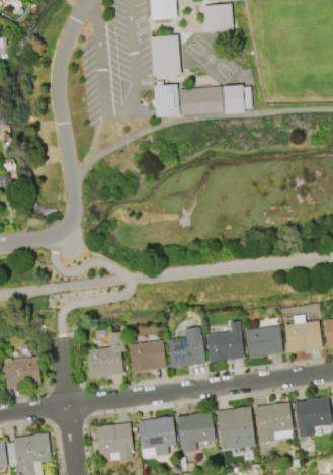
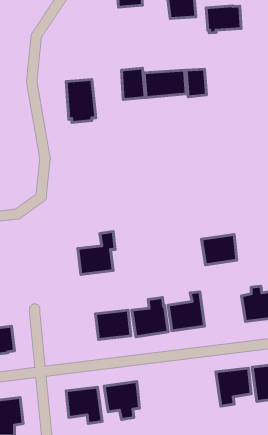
building: none -> [206,6,241,33]
building: [151,33,182,79] -> [66,80,96,122]
building: [244,325,281,358] -> [202,235,237,265]
building: [85,332,124,378] -> [78,232,115,274]
building: [217,407,254,448] -> none
building: [177,412,215,453] -> none

